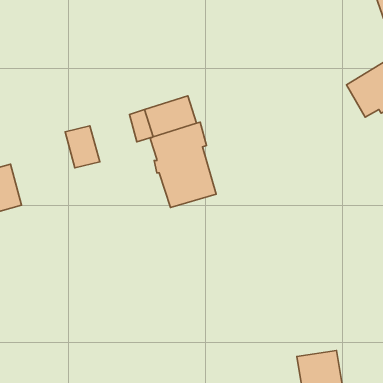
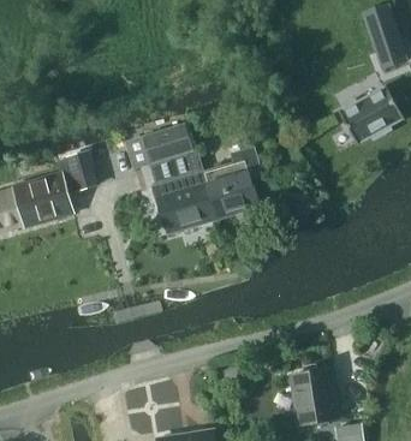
building: none -> [199,144,261,216]
building: none -> [14,172,72,222]

